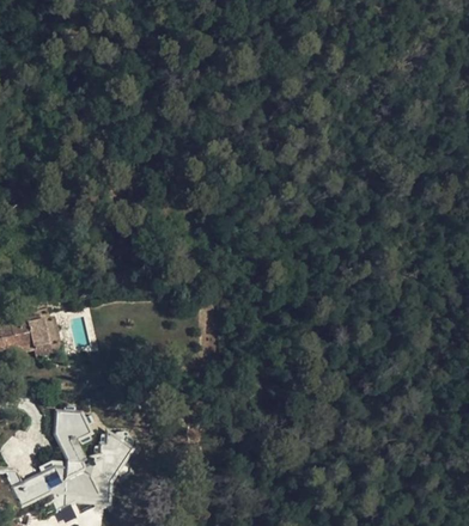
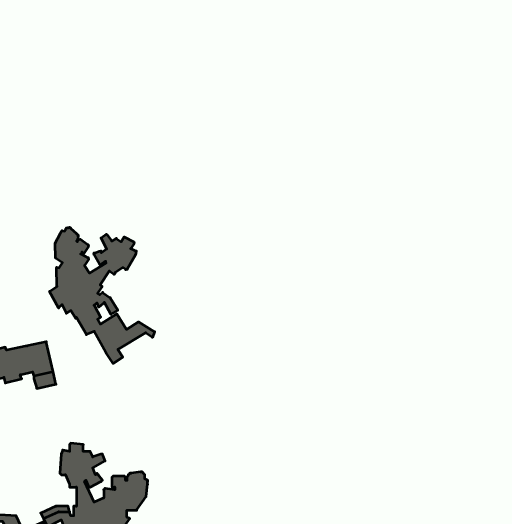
building: none -> [50,227,155,363]

